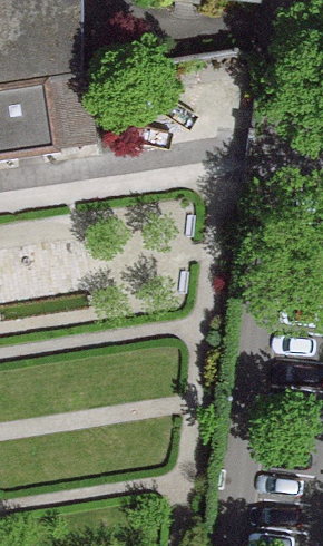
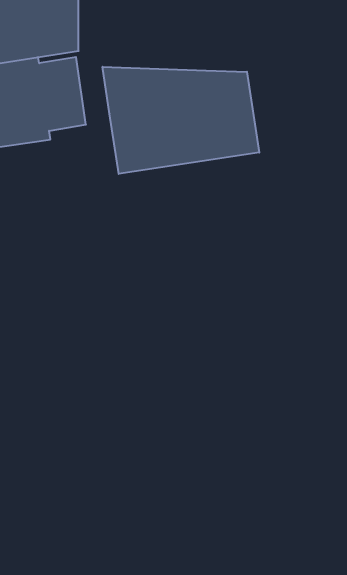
building: none -> [103,67,259,174]

